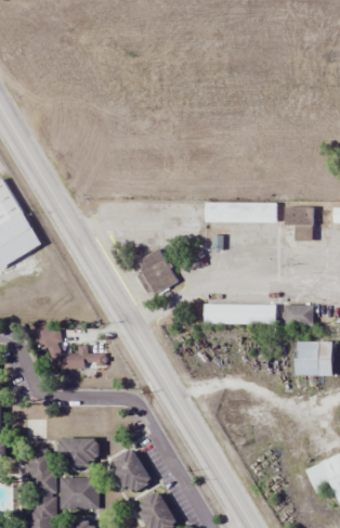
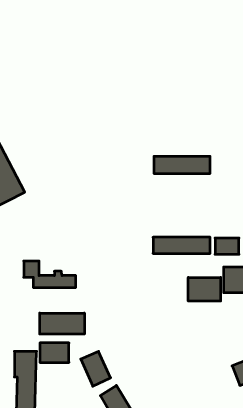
building: [284,206,313,241] -> none
building: [134,248,176,294] -> none
building: none -> [188,277,221,301]
building: none -> [40,313,84,334]
building: [60,477,97,510] -> none

